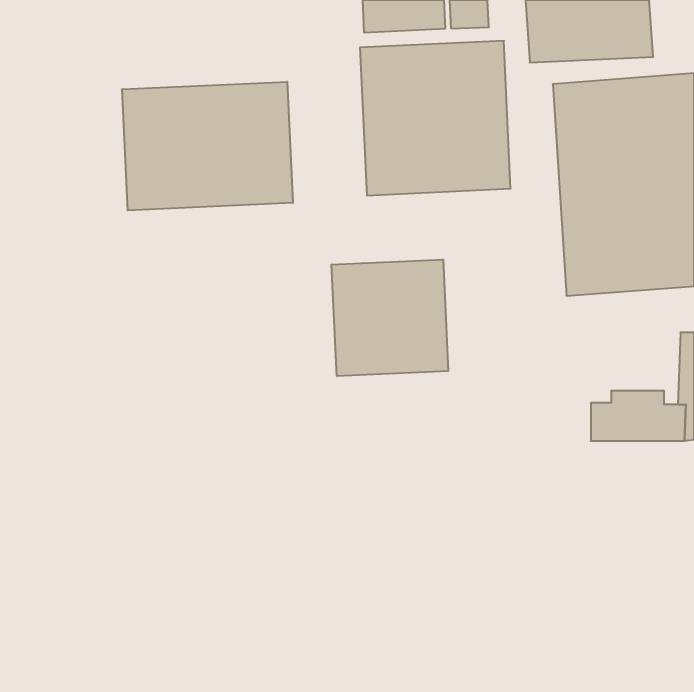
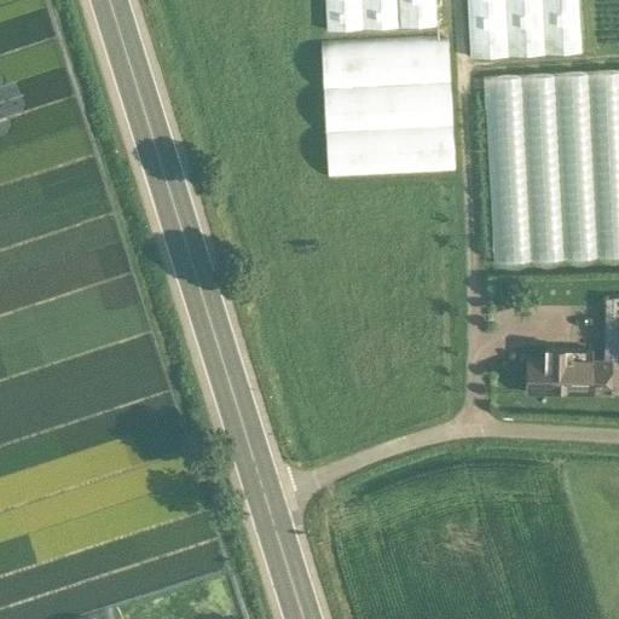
building: [122,82,293,210] -> none
building: [332,259,448,376] -> none

